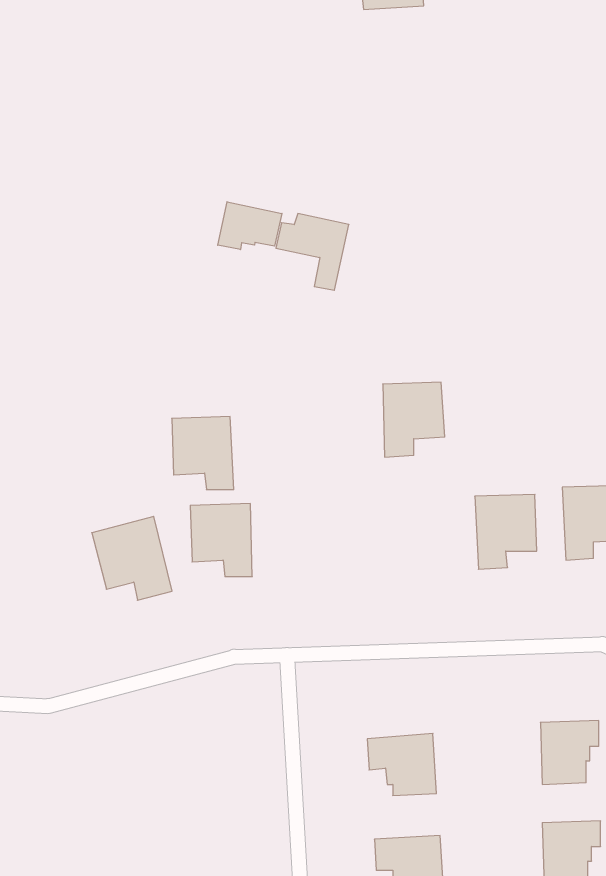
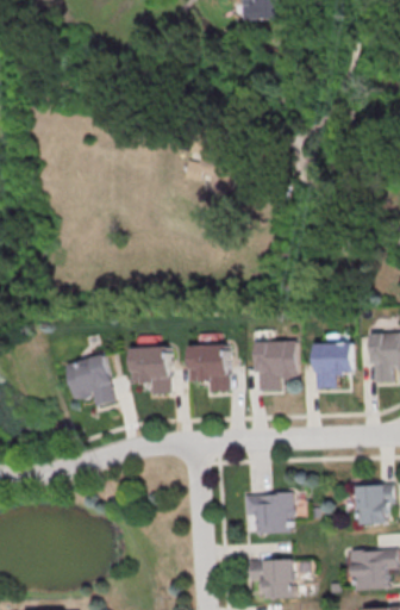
building: [218,202,282,250] -> none
building: [383,382,445,457] -> [256,340,296,388]
building: [172,417,234,490] -> [186,342,226,390]

